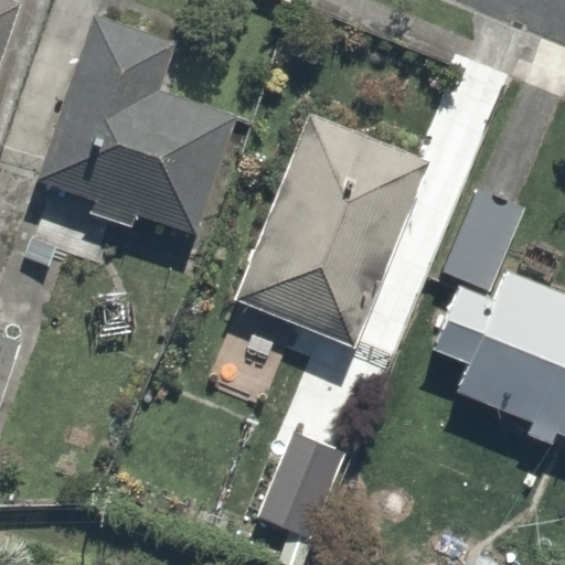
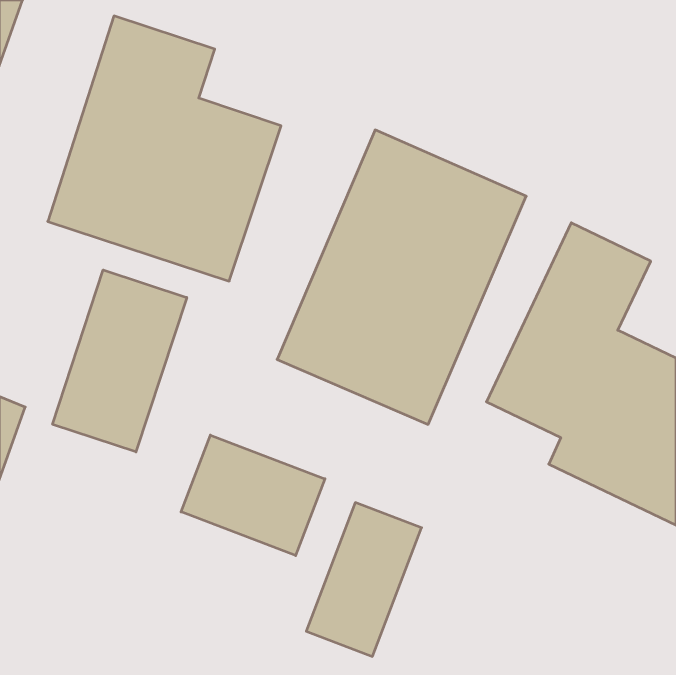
building: none -> [53,270,187,452]
building: none -> [181,435,325,556]

